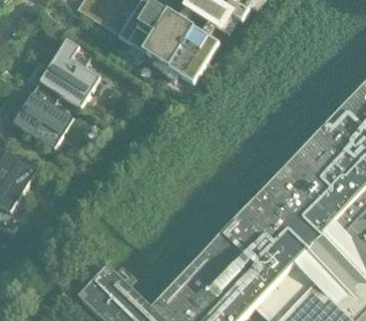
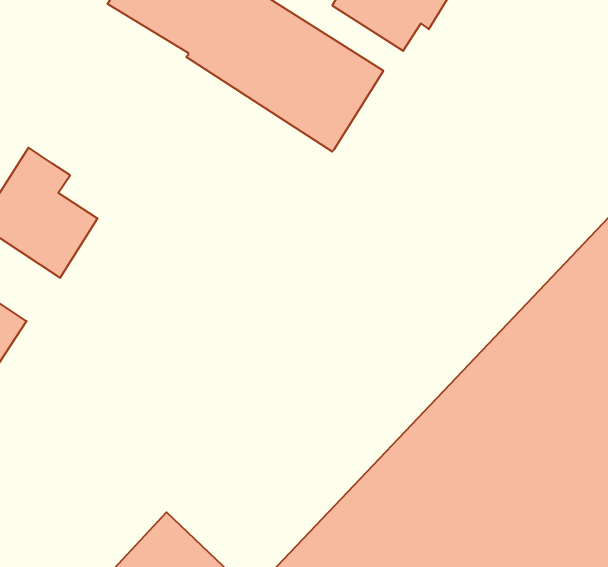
building: [37,37,99,105] -> none

